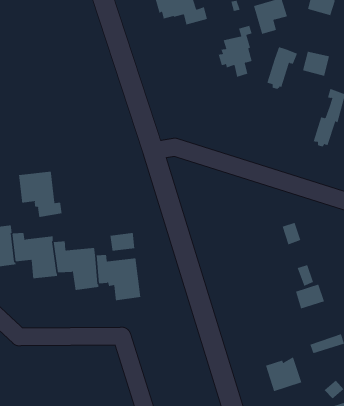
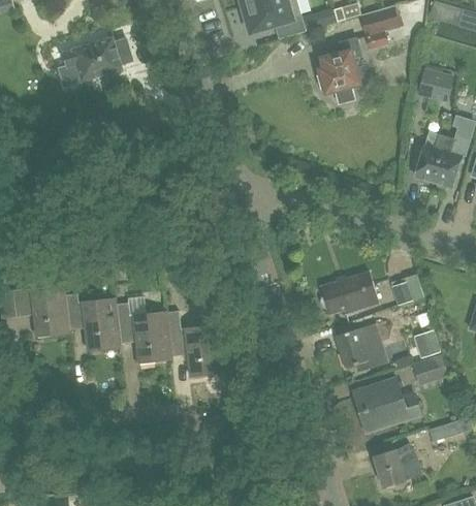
building: none -> [62,37,132,81]
building: [267,47,298,90] -> [414,130,452,183]
building: [19,171,62,218] -> none
building: none -> [318,272,377,314]
building: [110,232,135,251] -> none
building: none -> [336,322,388,372]
building: none -> [353,379,413,431]

